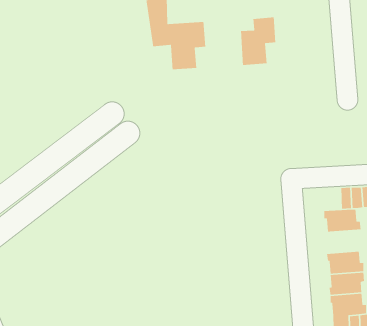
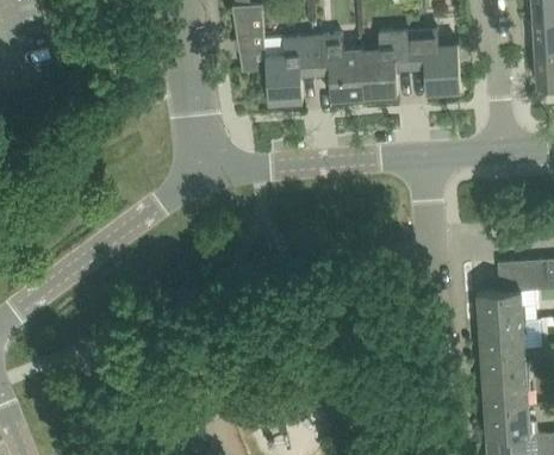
building: none -> [407,30,460,93]
building: none -> [312,36,363,99]
building: none -> [477,320,527,353]

